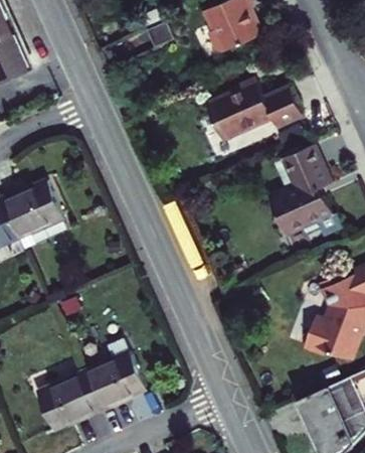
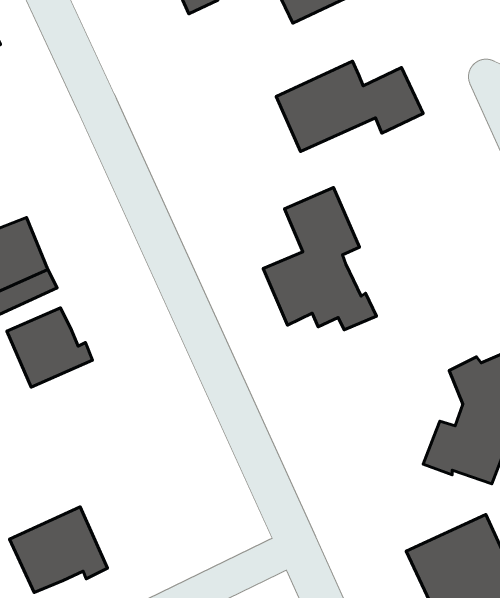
building: [269,143,344,237] -> [263,187,376,330]
building: none -> [7,308,92,387]
building: [81,338,142,413] -> none

